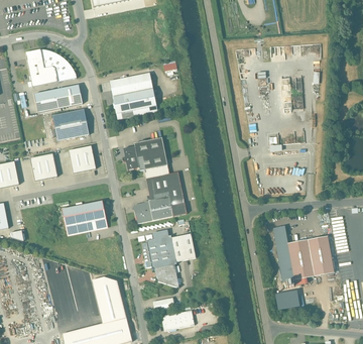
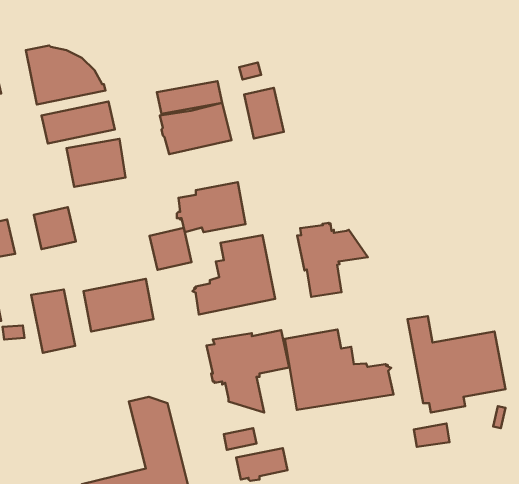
building: none -> [244,88,284,138]
building: [69,145,96,173] -> [150,228,192,270]
building: none -> [297,223,368,297]
building: none -> [31,289,75,353]
building: none -> [285,329,393,410]

